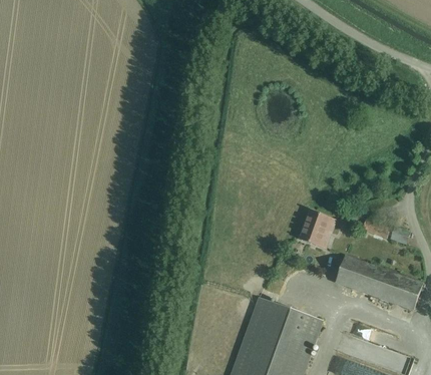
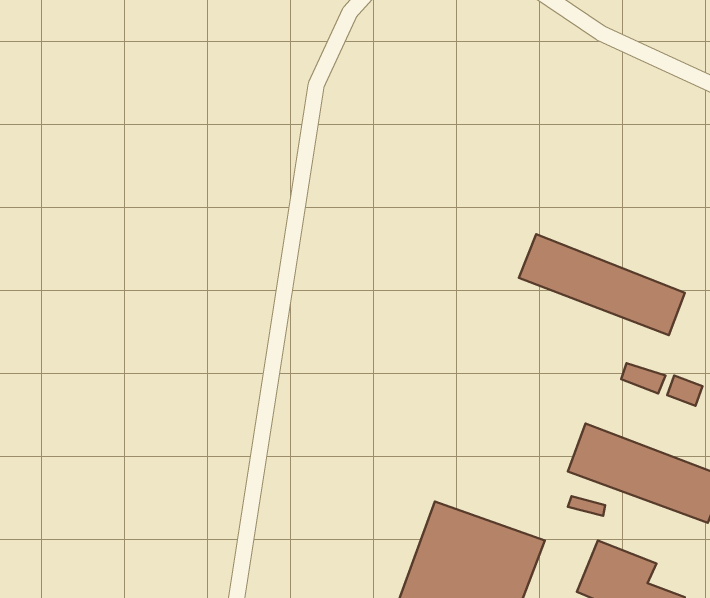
building: none -> [519,234,685,335]
building: [300,212,337,250] -> none

